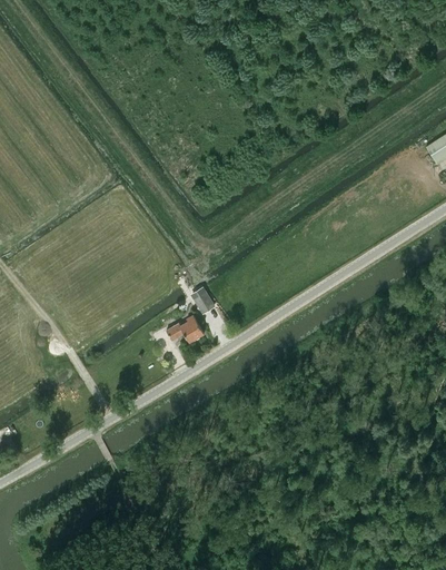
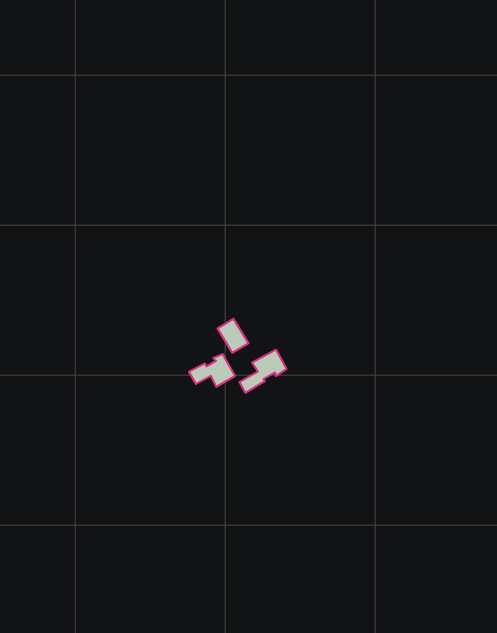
building: none -> [239,350,286,393]

